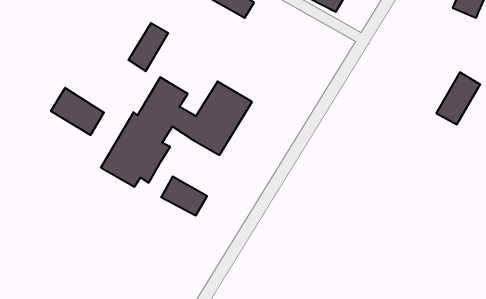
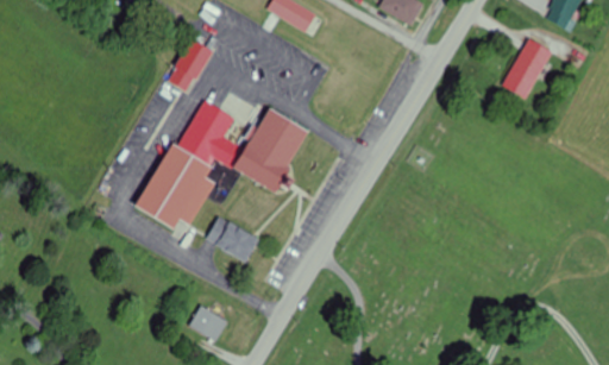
building: [436,72,480,124] -> [502,38,553,99]
building: [51,88,104,135] -> none
building: none -> [189,306,227,341]

